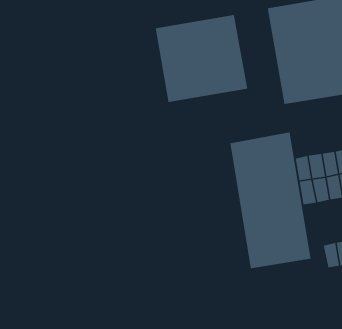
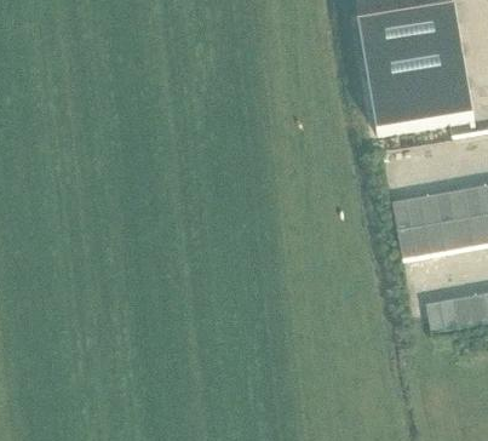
building: [155,14,248,103] -> none
building: [229,131,311,269] -> none

